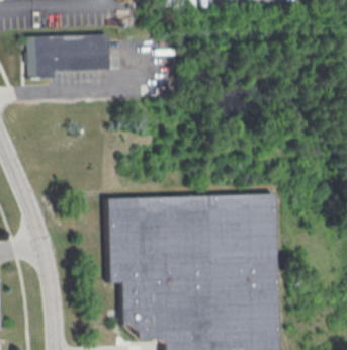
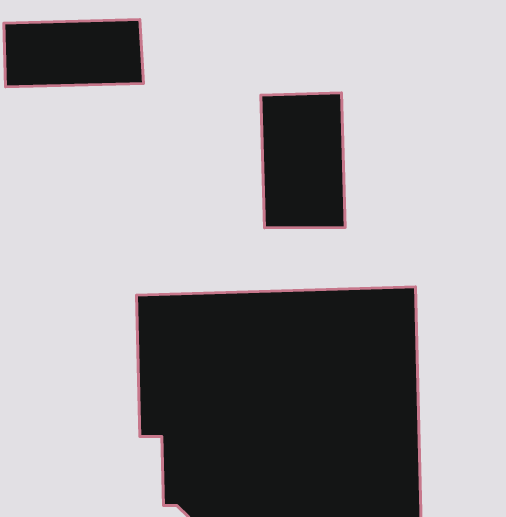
building: none -> [261,93,345,228]

